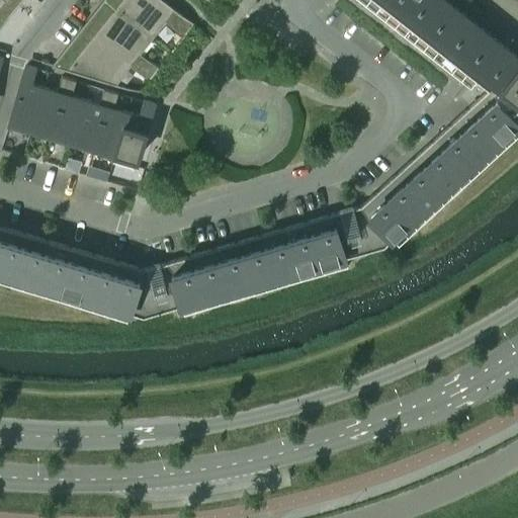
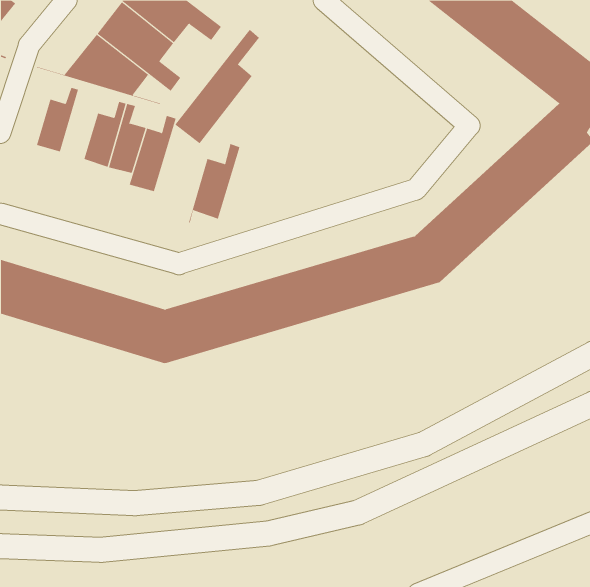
building: none -> [175,29,260,144]
building: [12,71,47,133] -> none
building: [56,84,88,145] -> none
building: none -> [188,143,240,223]

